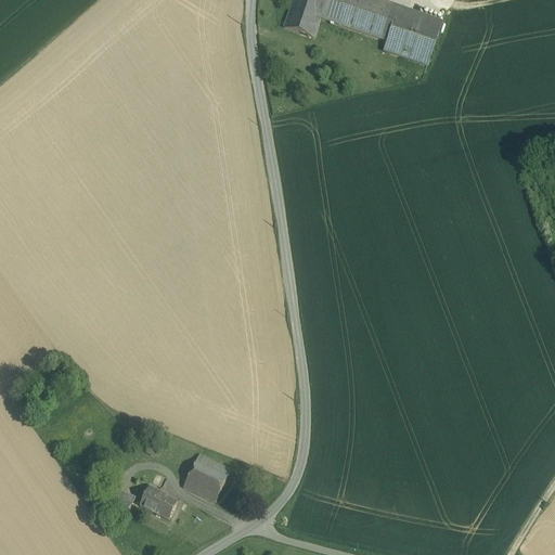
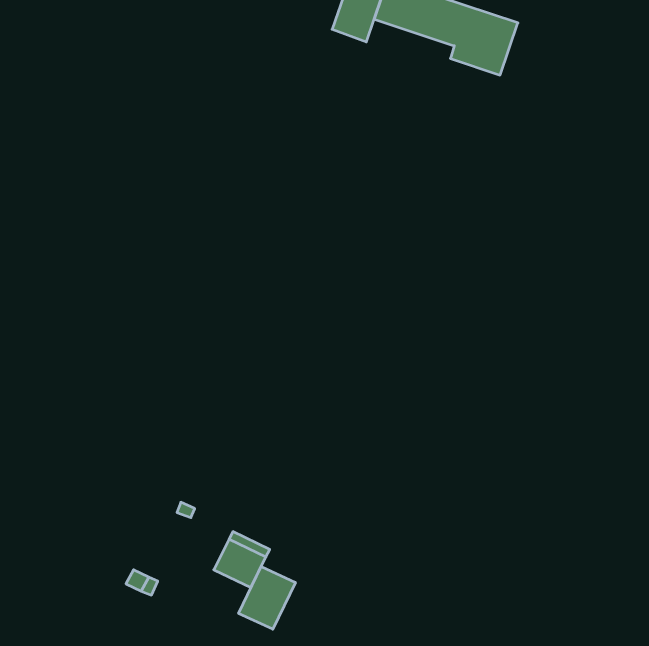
building: none -> [239,567,295,629]
building: [139,485,177,519] -> none

